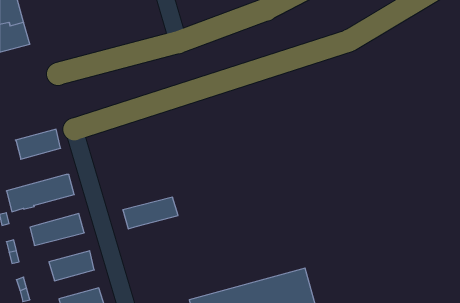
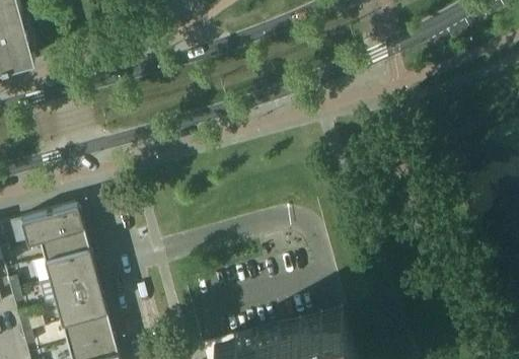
building: [15,129,61,159] -> [39,232,89,266]
building: [123,197,178,229] -> [40,275,101,310]
building: none -> [62,316,112,349]

